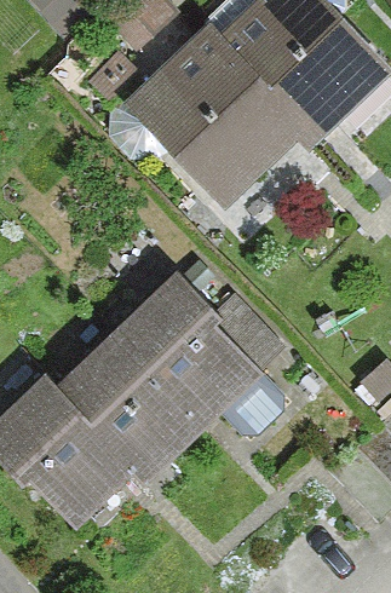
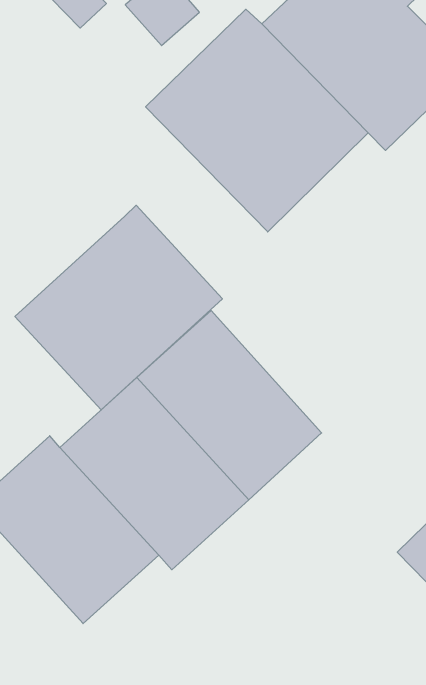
building: none -> [15,205,222,410]

